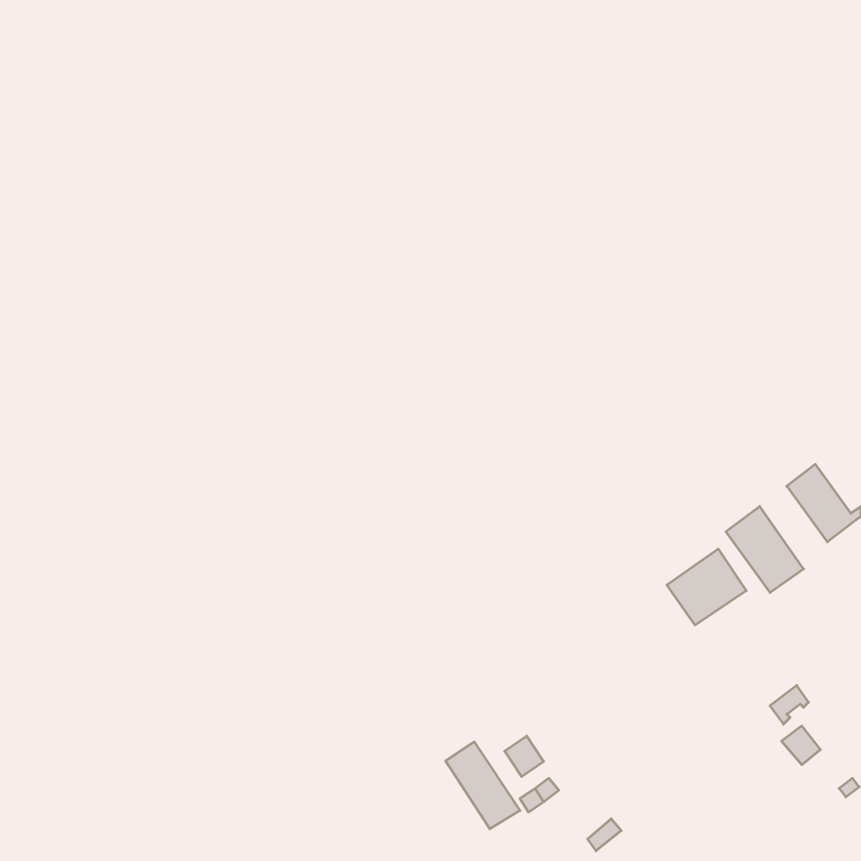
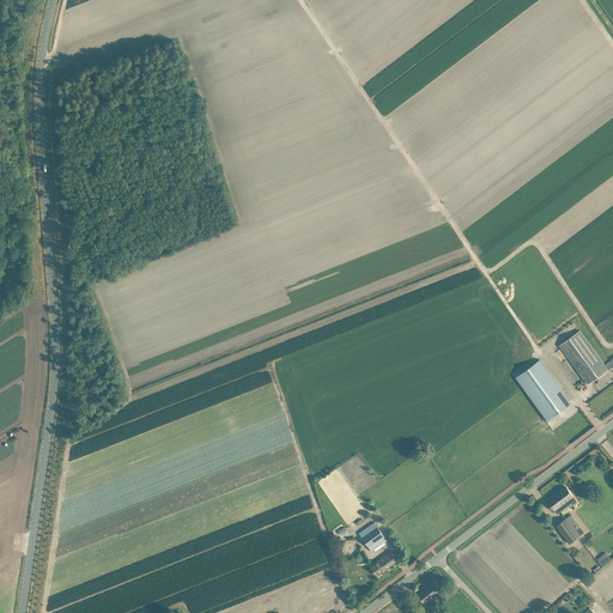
building: [667,549,746,625] -> none
building: [446,742,520,829] -> none

